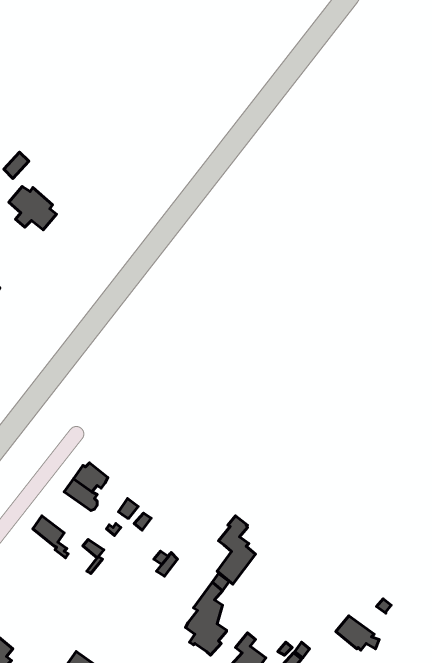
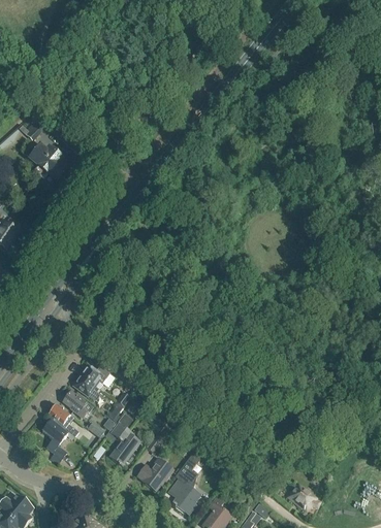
building: none -> [62,391,93,418]
building: [217,516,255,584] -> [109,412,139,466]
building: none -> [42,421,67,463]
building: none -> [136,457,173,491]

